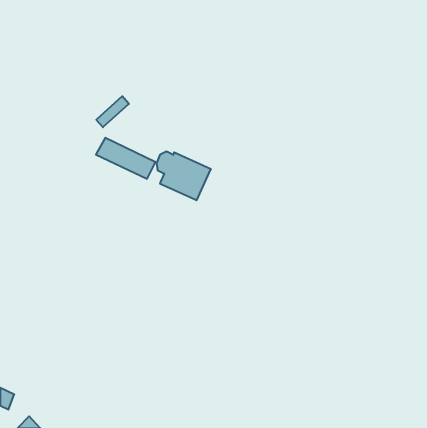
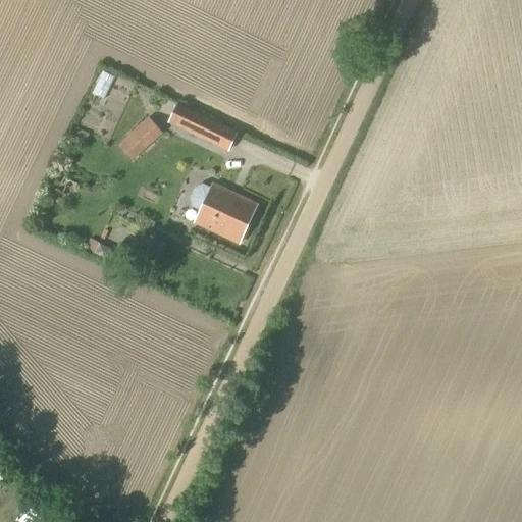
building: [96,138,155,179] -> [167,103,240,153]

